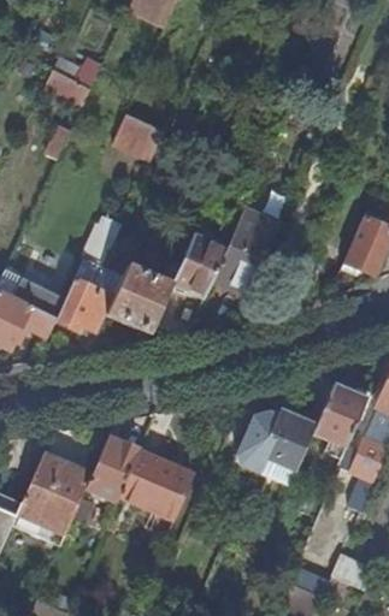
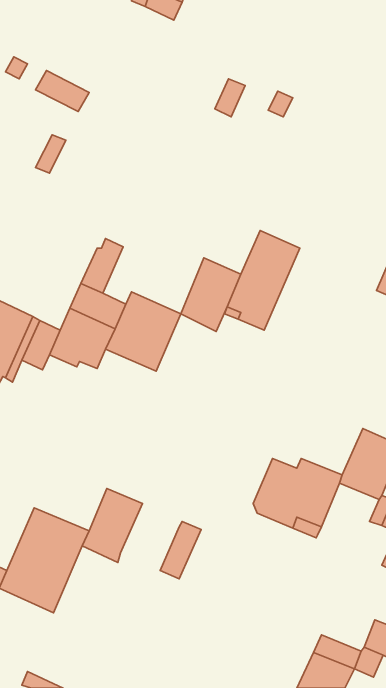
building: [113,113,164,159] -> none
building: [119,450,173,509] -> none

